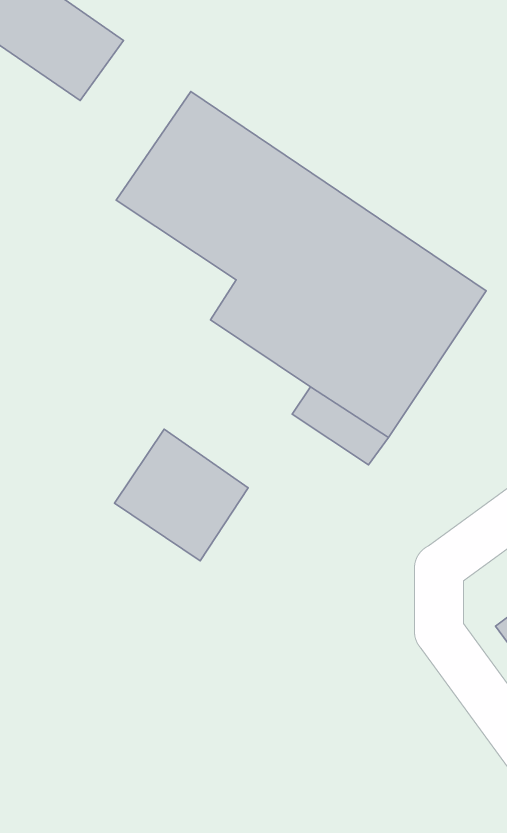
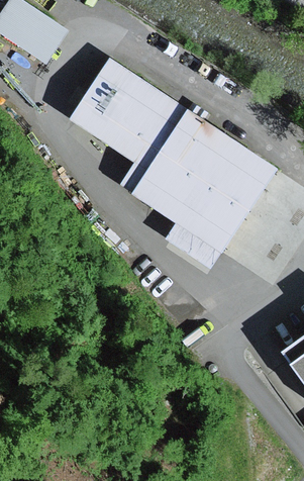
building: [114,429,248,561] -> none

